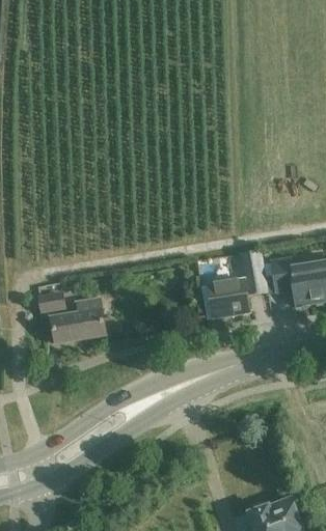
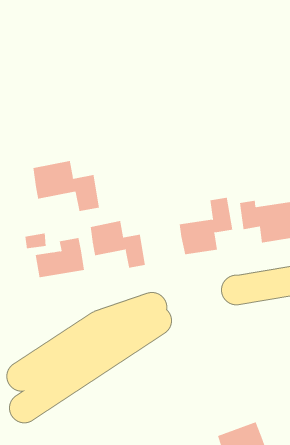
building: none -> [33,160,99,212]
building: none -> [90,220,146,268]

